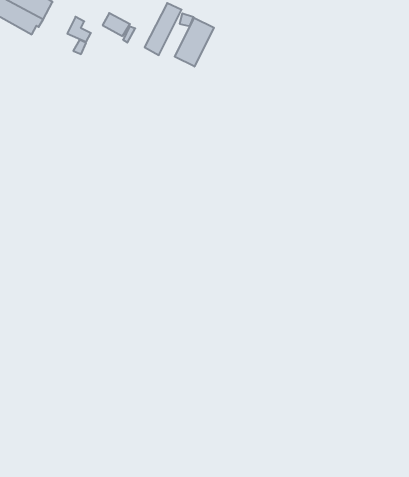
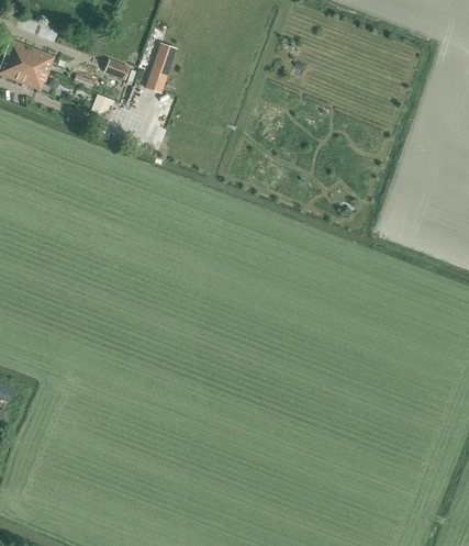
building: [175,18,214,67] -> none

